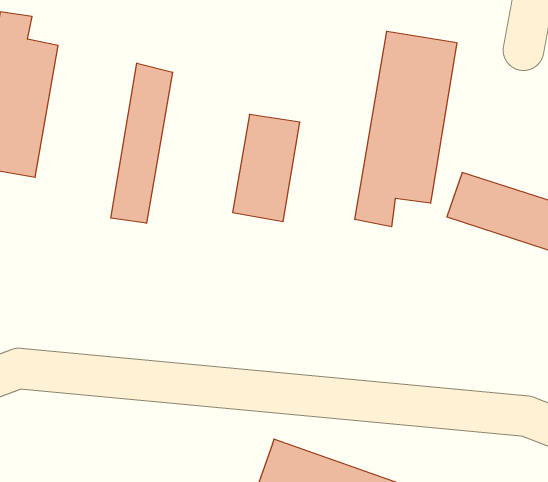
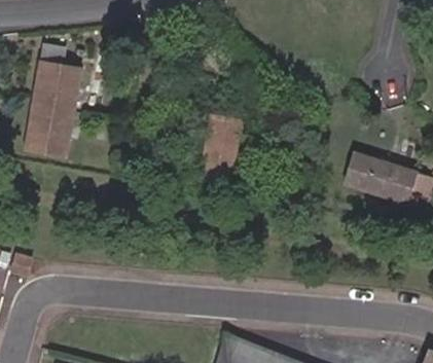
building: [355,31,457,227] -> none
building: [111,63,172,223] -> none

